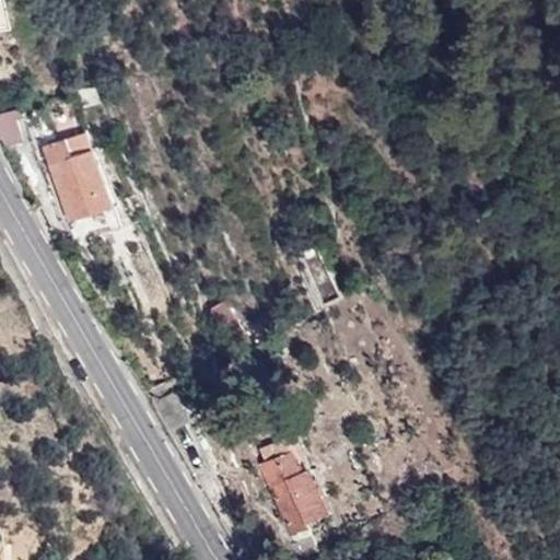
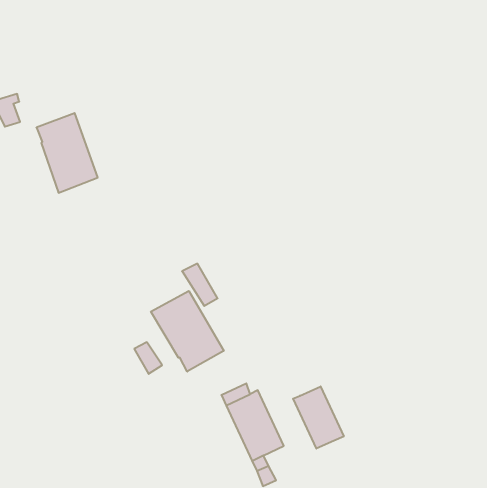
building: none -> [151,291,224,372]
building: none -> [293,386,344,449]

